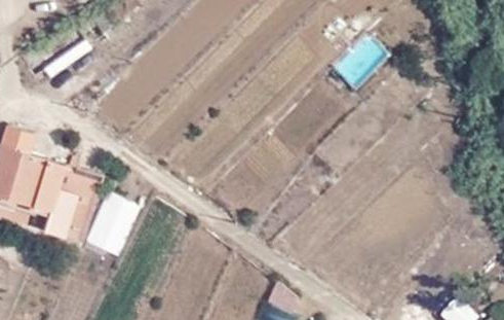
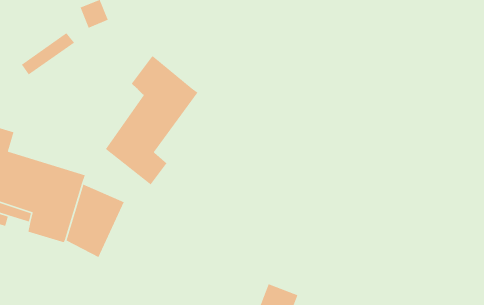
building: none -> [105,55,199,185]

